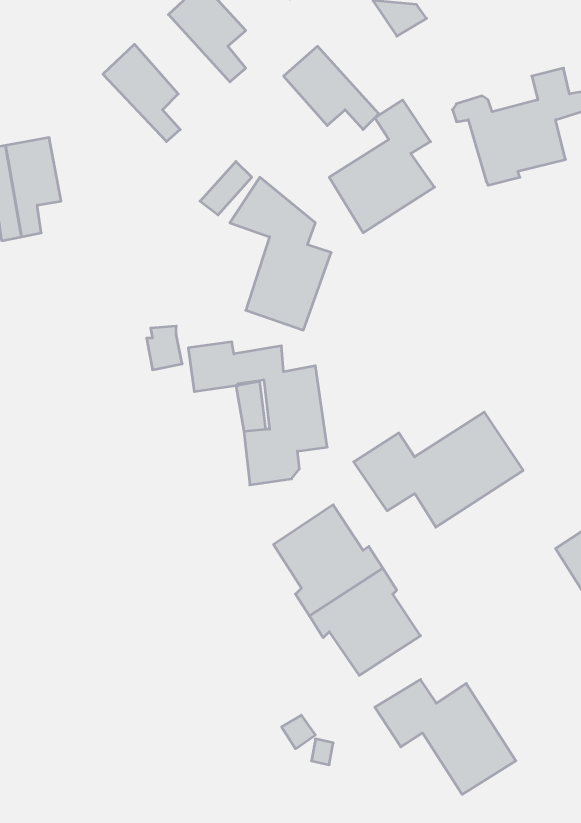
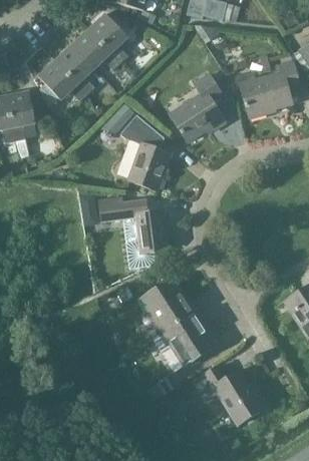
building: [284,46,379,130] -> [71,31,119,73]
building: none -> [37,61,87,102]
building: [354,412,523,527] -> none

